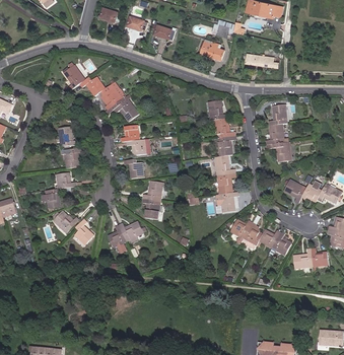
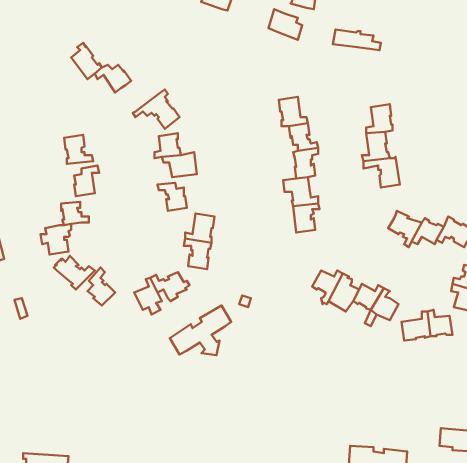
building: [100,81,125,110] -> none
building: [216,192,238,213] -> none
building: none -> [170,305,231,355]

